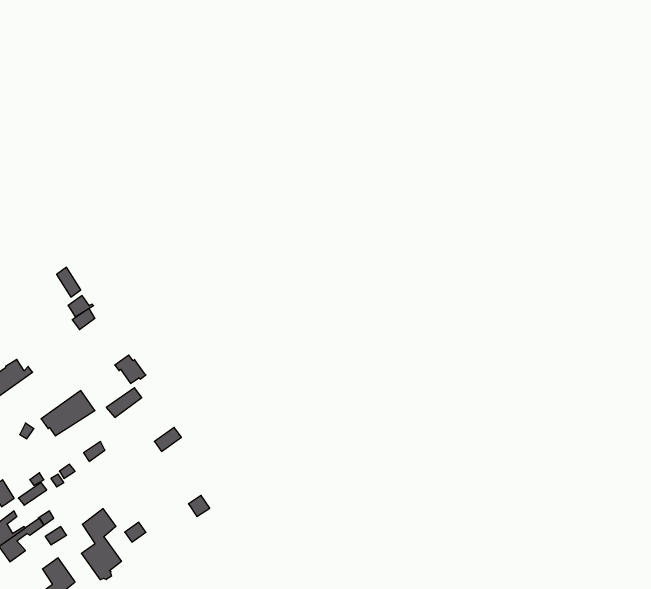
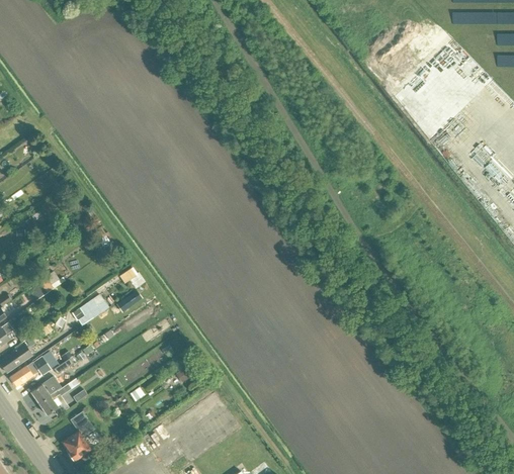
building: [81,509,121,580] -> none

